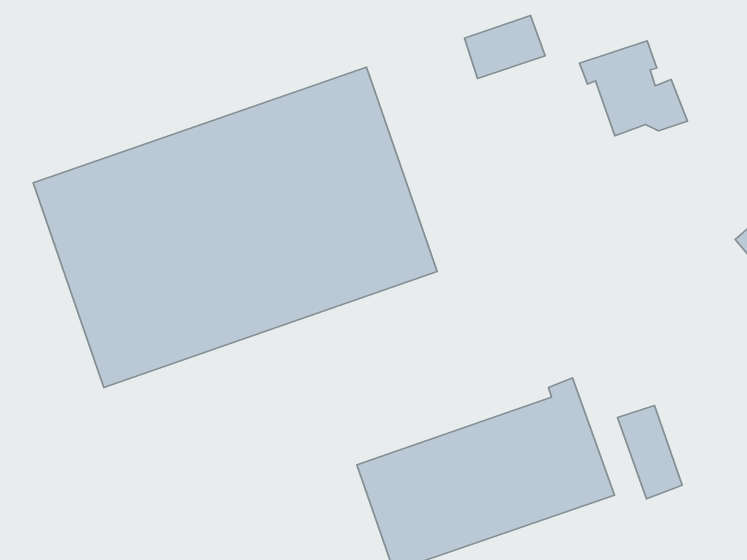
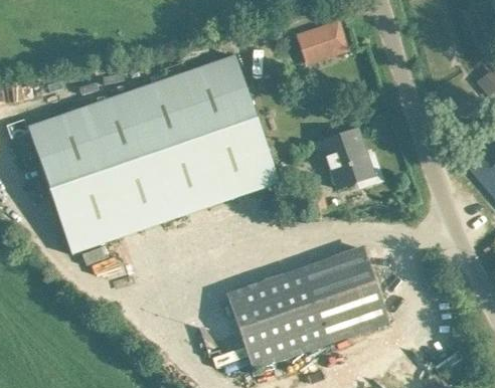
building: [579,41,687,136] -> [316,128,383,187]
building: [618,406,682,499] -> none

